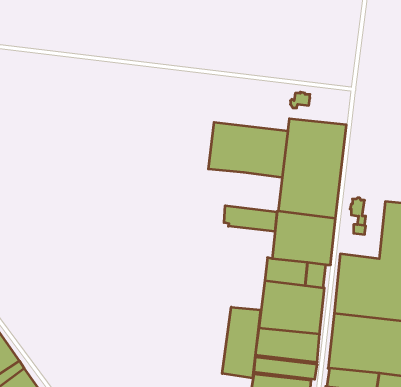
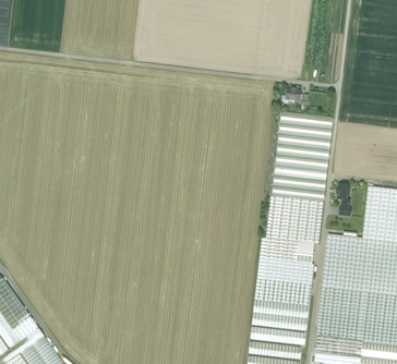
building: [208,122,288,178] -> none
building: [224,206,277,232] -> none
building: [222,307,260,378] -> none

